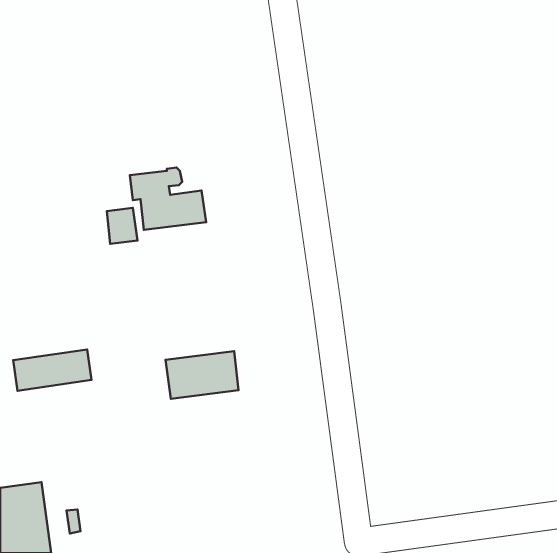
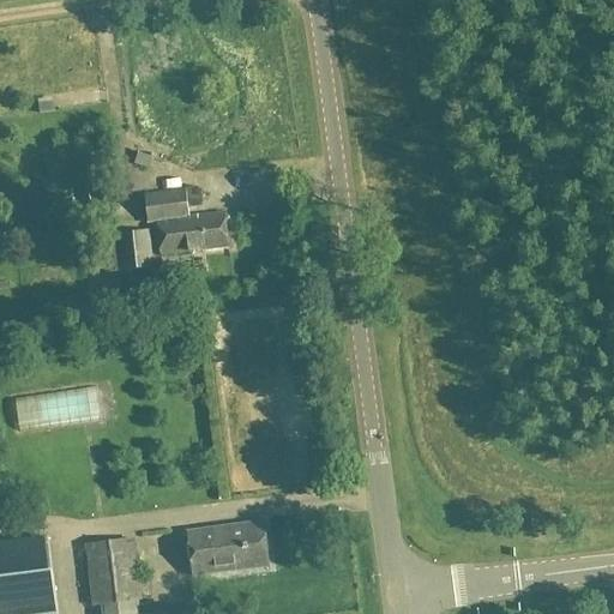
building: [166,351,239,399] -> [186,520,266,573]
building: none -> [86,537,137,603]

